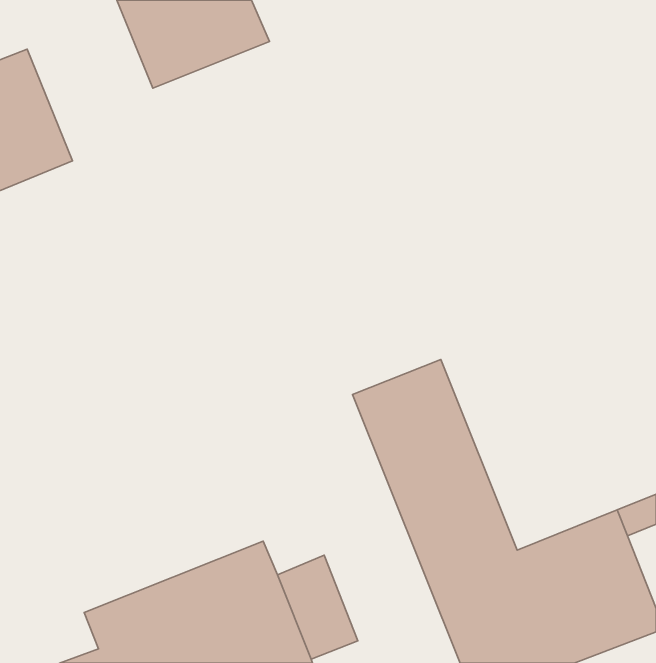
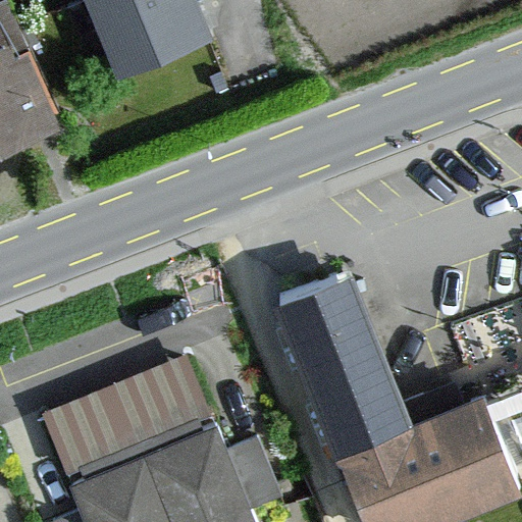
building: none -> [46,362,206,473]

